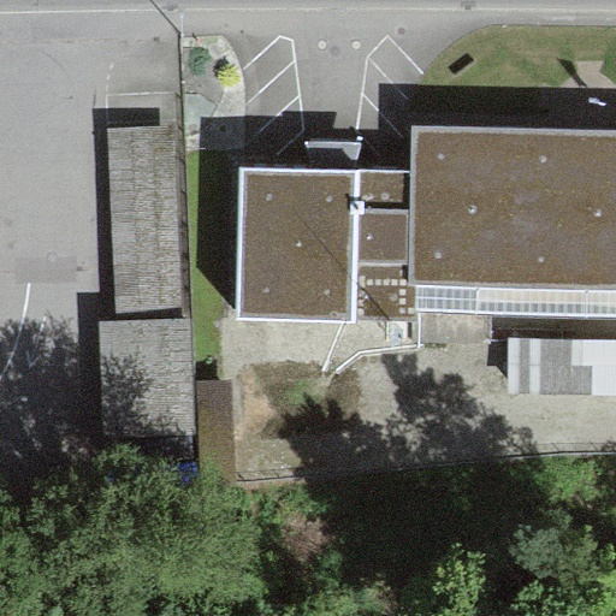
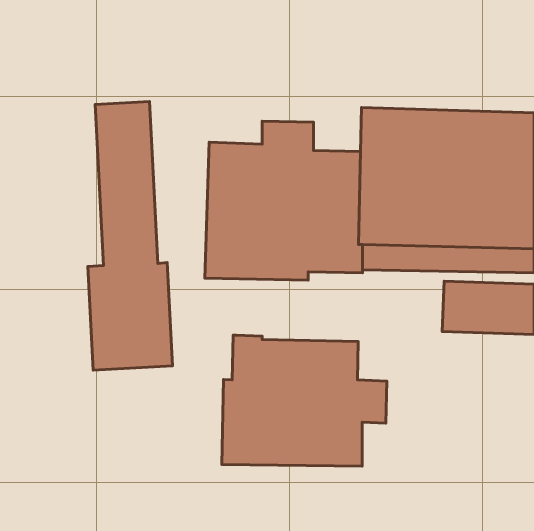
building: none -> [222,335,387,466]

